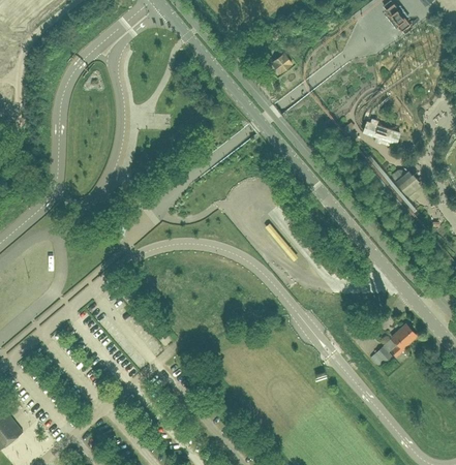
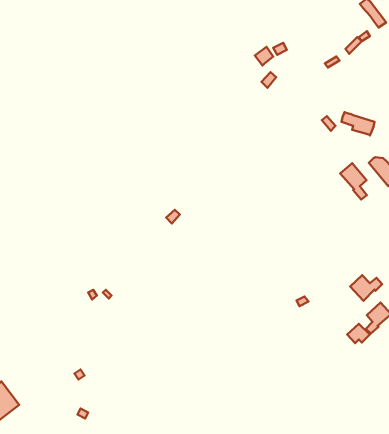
building: none -> [340,163,367,199]
building: none -> [350,275,382,301]

